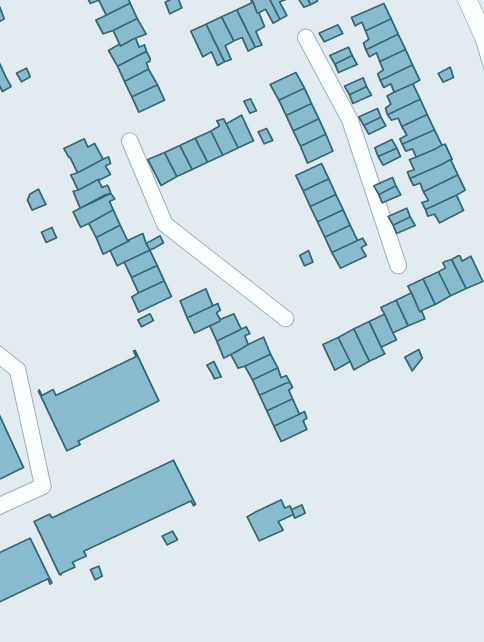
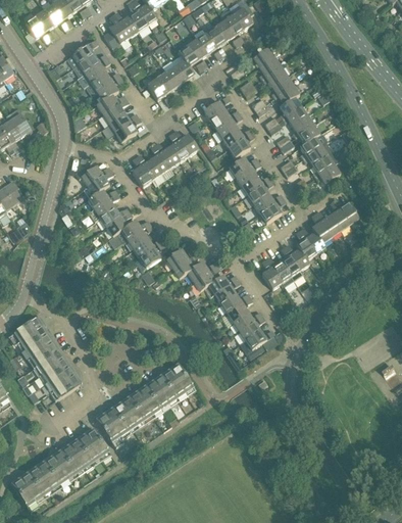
building: [39,351,159,451] -> none
building: [247,500,293,541] -> [240,329,269,358]

